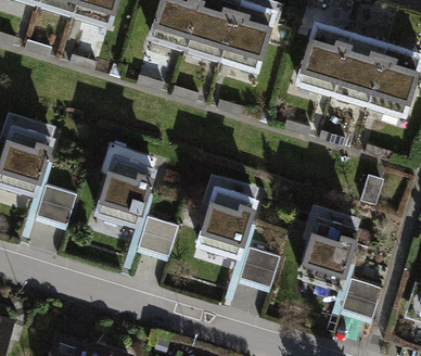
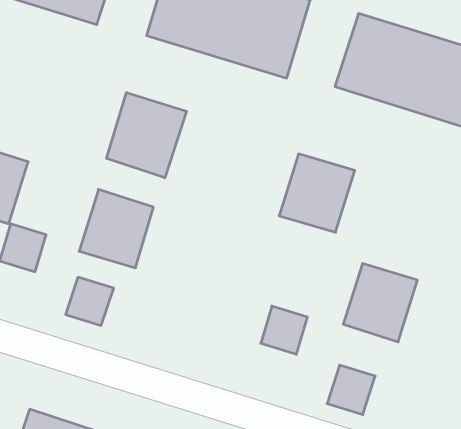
building: none -> [107,93,187,178]
building: [200,187,259,249] -> [279,154,355,232]
building: [137,217,175,255] -> [66,277,114,325]
building: [341,280,379,319] -> [327,365,375,415]

